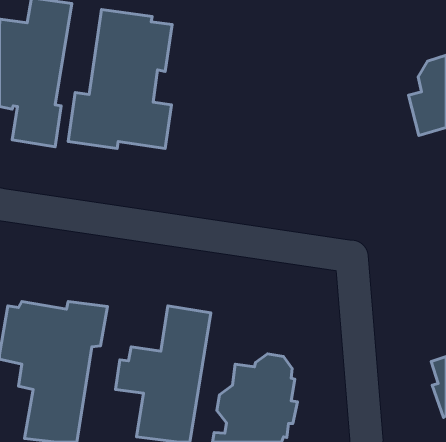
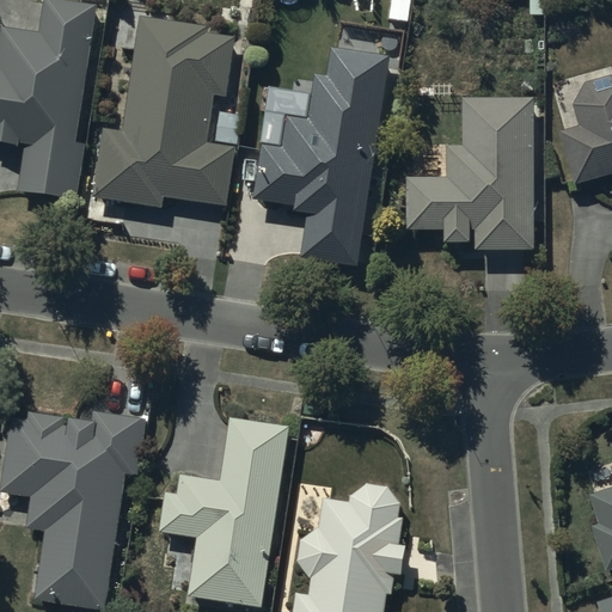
building: none -> [252,47,387,269]
building: none -> [405,97,533,251]

